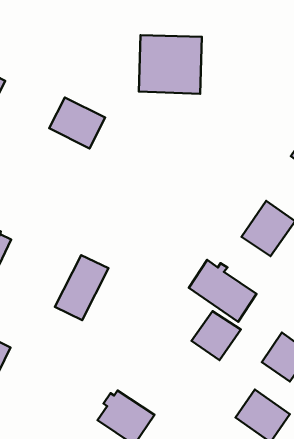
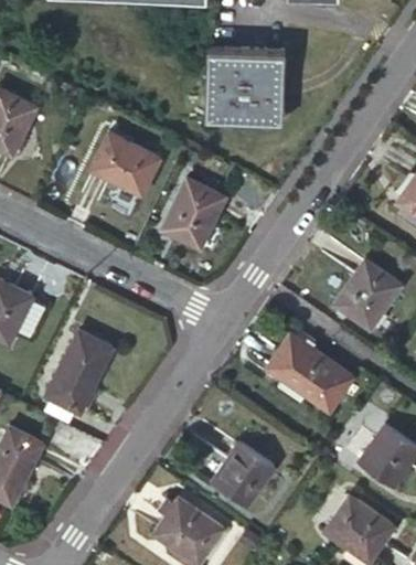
building: none -> [163,178,227,249]
building: [55,255,108,320] -> [46,331,114,413]
building: [191,311,241,360] -> [213,444,275,505]

